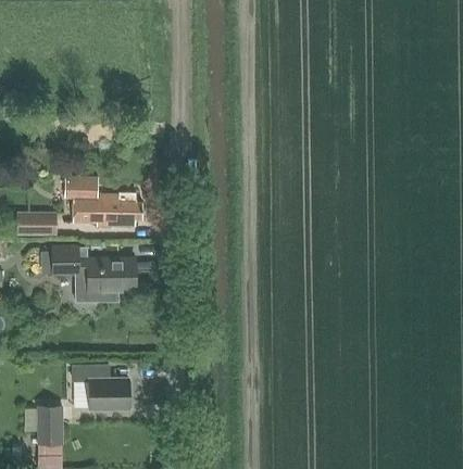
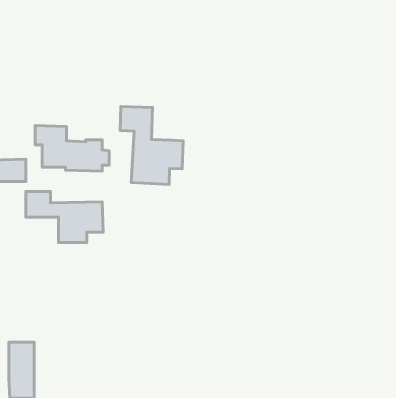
building: none -> [120,106,183,185]
building: [70,364,129,408] -> none

